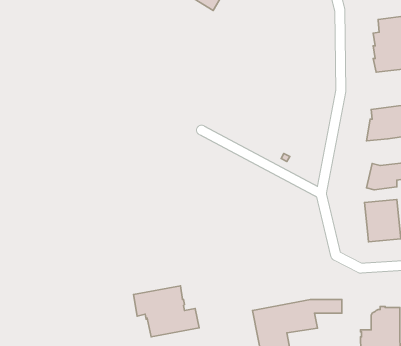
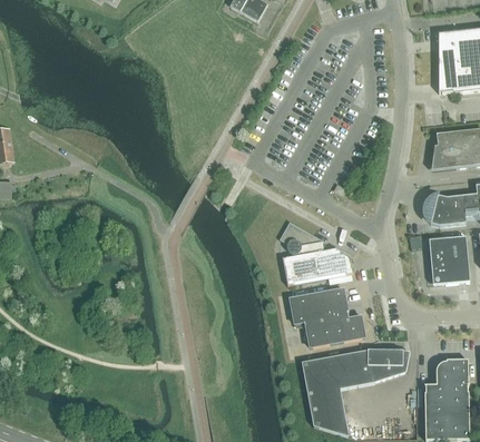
building: none -> [278,220,352,285]
building: [133,286,199,337] -> [290,288,364,346]

